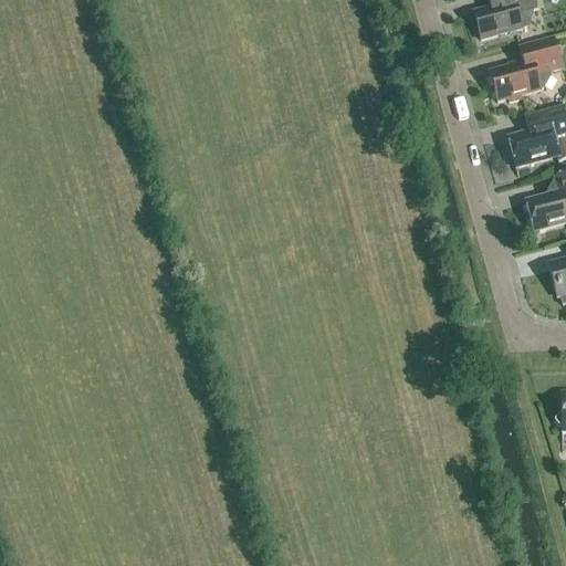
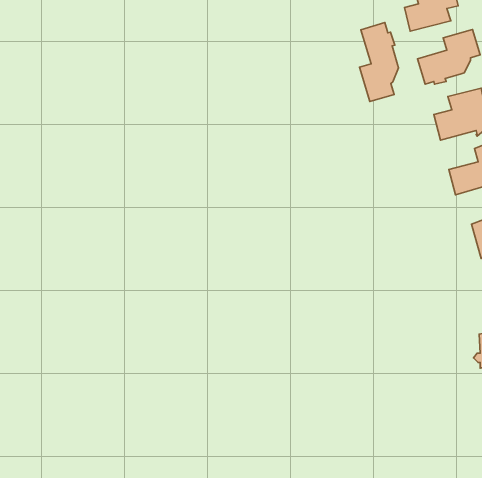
building: none -> [360,23,399,102]

